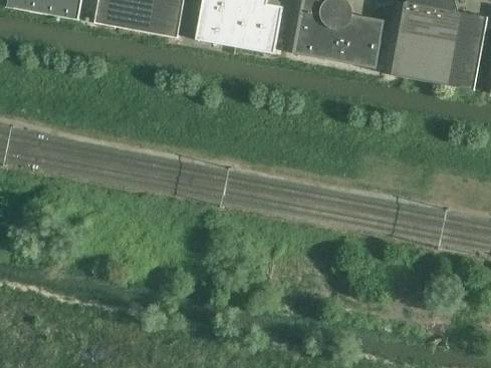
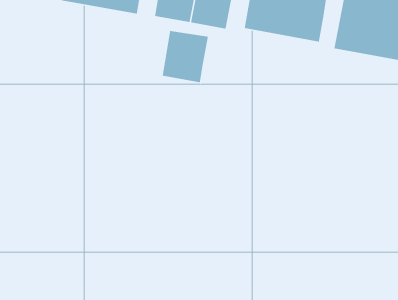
building: none -> [162,30,209,83]

